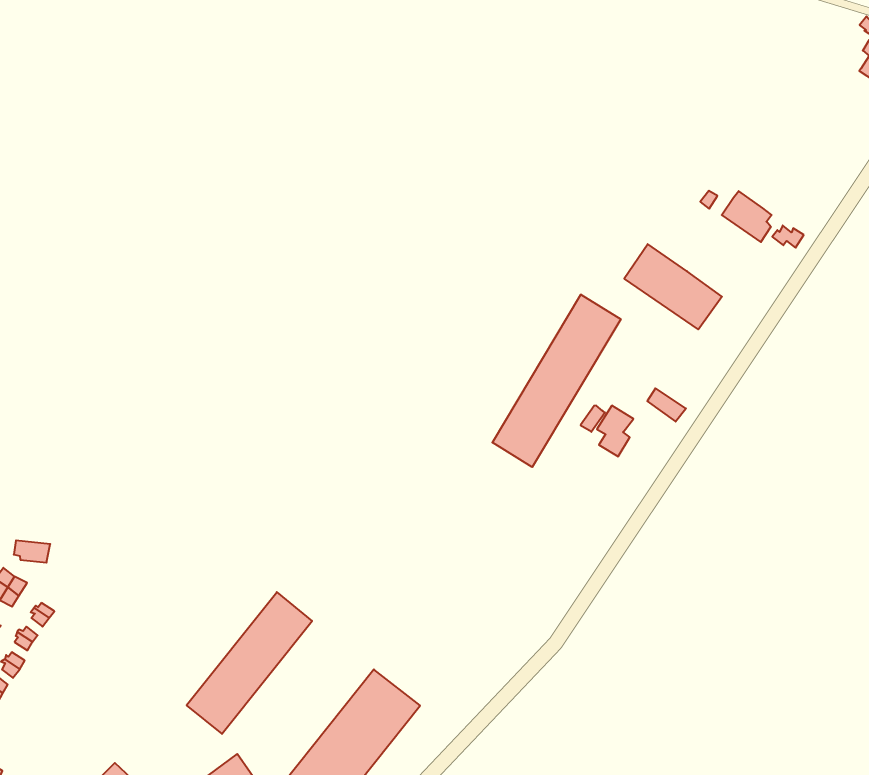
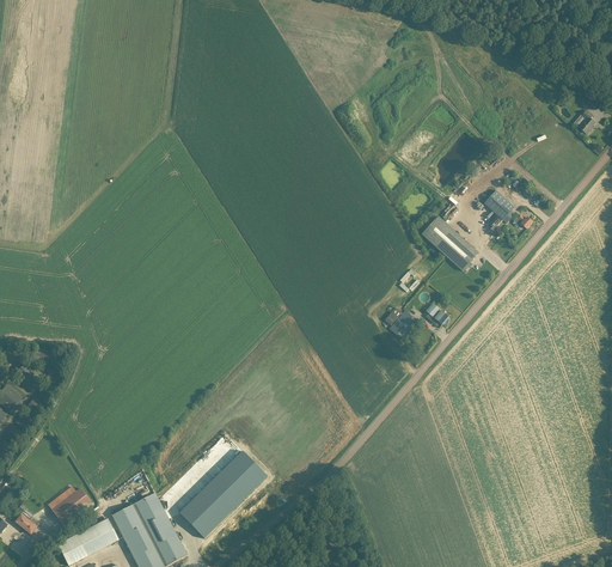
building: [492,294,621,467] -> none
building: [187,592,312,734] -> none

